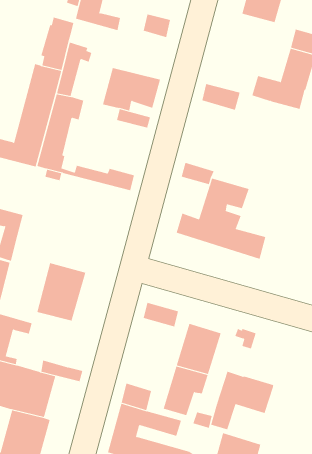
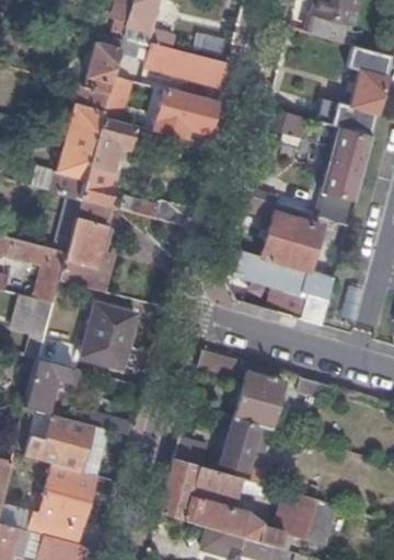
building: none -> [119,37,228,88]
building: none -> [314,128,371,225]
building: none -> [59,219,107,287]
building: [210,371,274,430] -> none

